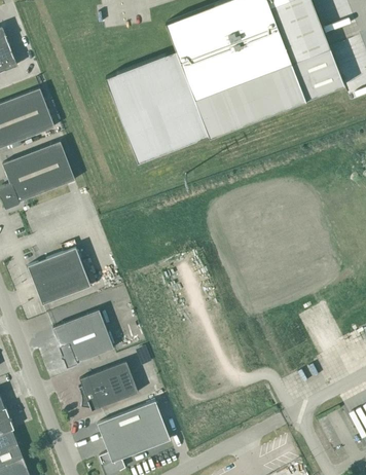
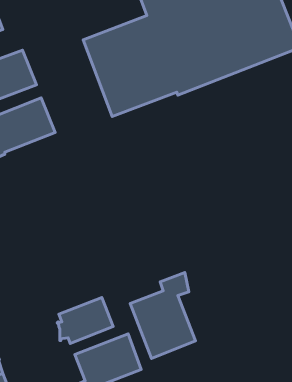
building: [28,248,90,304] -> none
building: [52,310,113,368] -> none
building: none -> [130,272,195,358]

